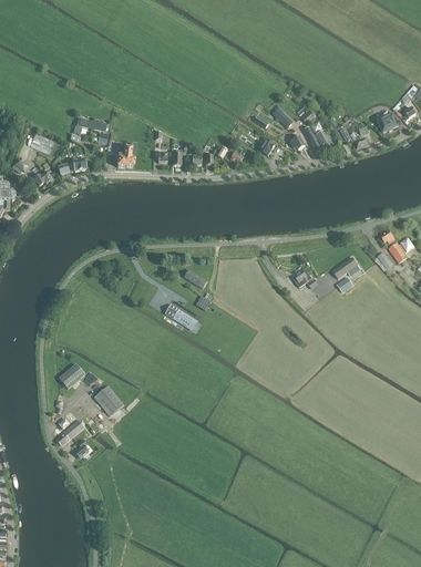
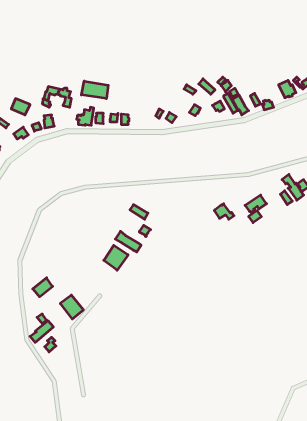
building: none -> [81,81,108,99]
building: none -> [104,245,128,270]

